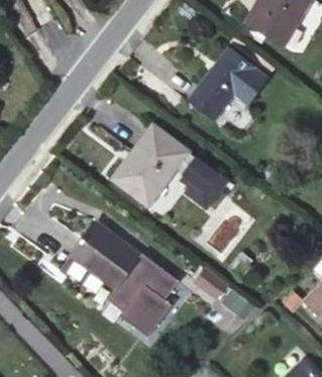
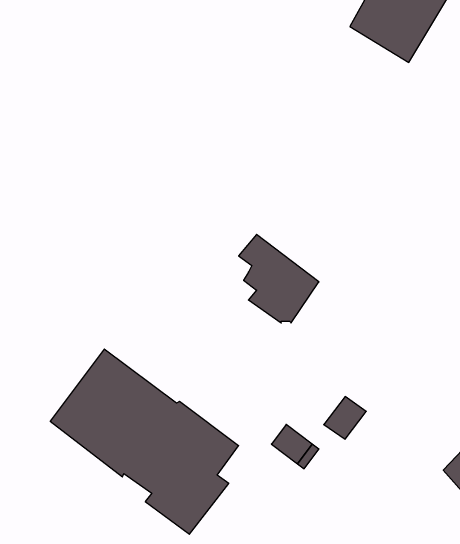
building: [189,48,266,118] -> none
building: [113,124,189,205] -> none

